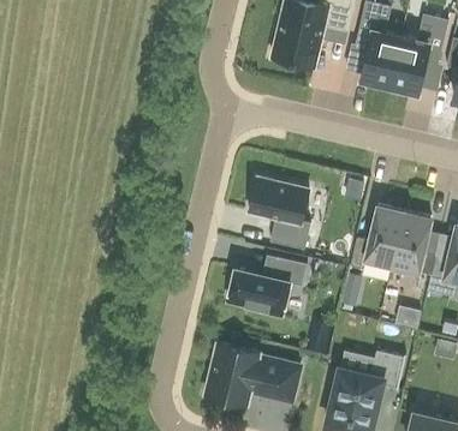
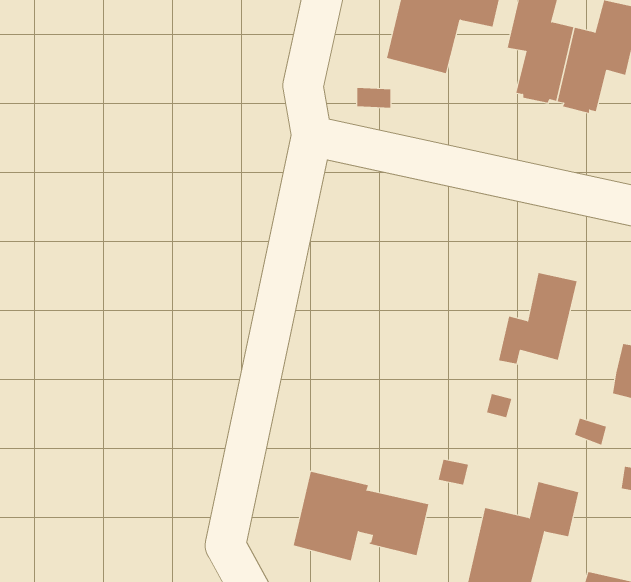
building: [249,175,311,241] -> none
building: [391,211,435,275] -> none
building: [226,261,304,321] -> none

